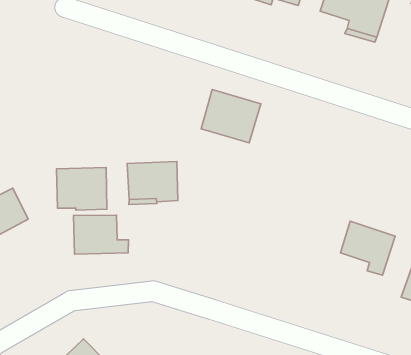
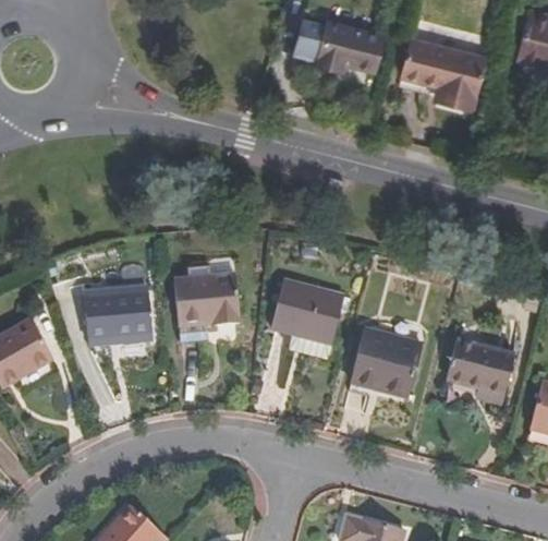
building: [201,90,261,143] -> [270,280,343,345]
building: none -> [349,328,422,396]
building: [74,215,129,254] -> none

